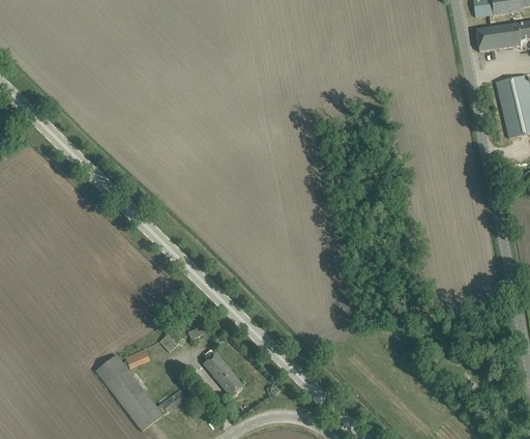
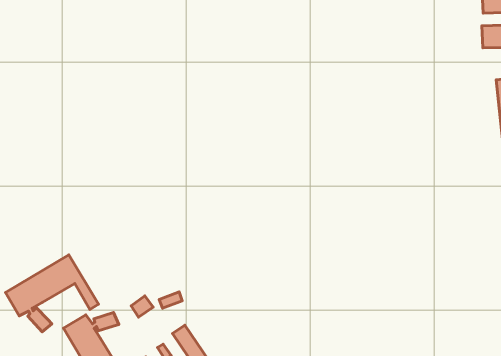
building: none -> [5,255,98,332]

